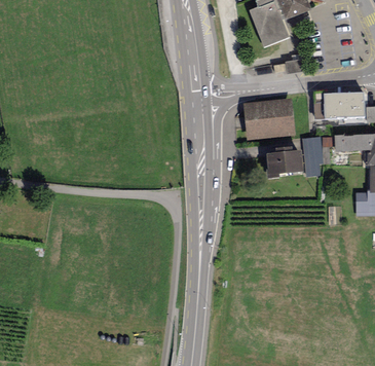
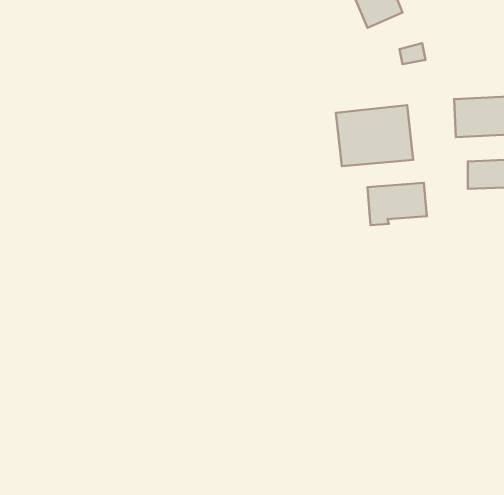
building: [305,134,323,174] -> none

